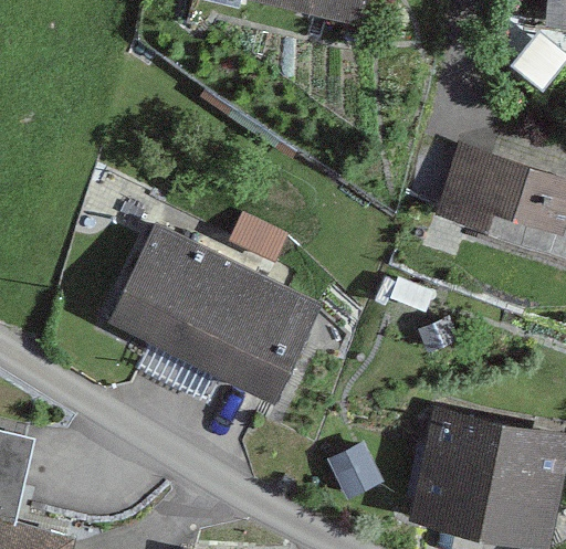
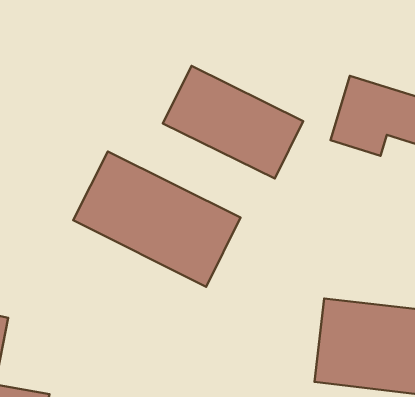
building: none -> [163,66,303,178]

